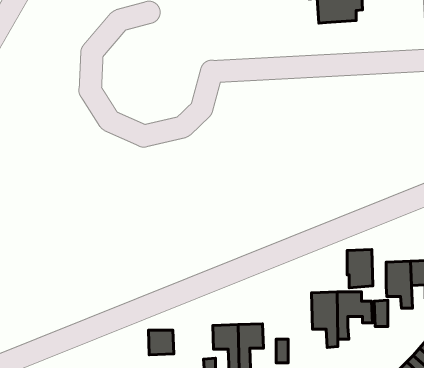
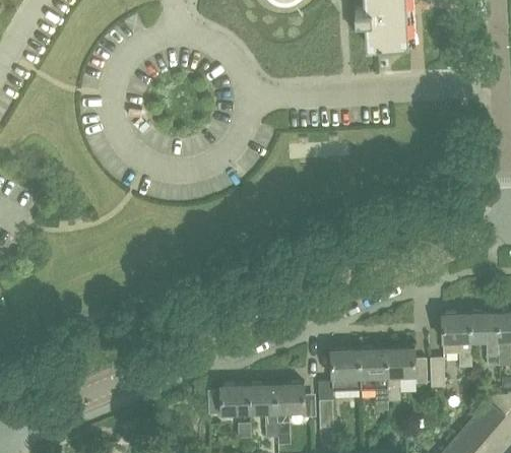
building: [347,250,373,288] -> [330,349,359,392]
building: [148,330,174,355] -> [219,386,248,413]

